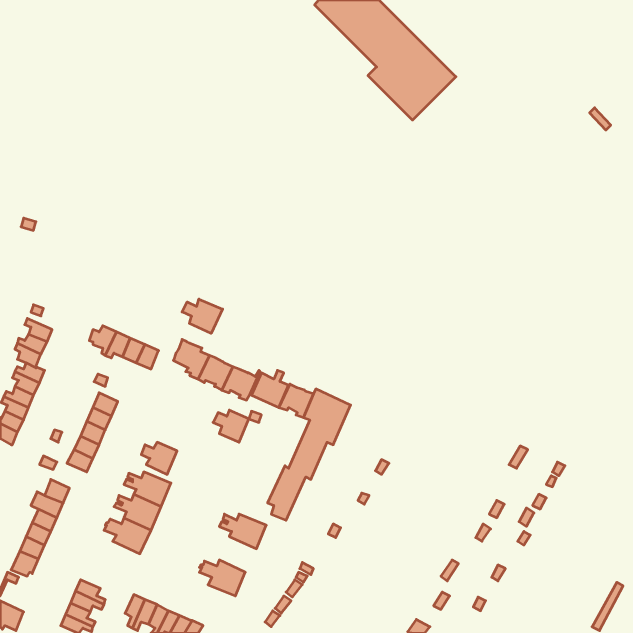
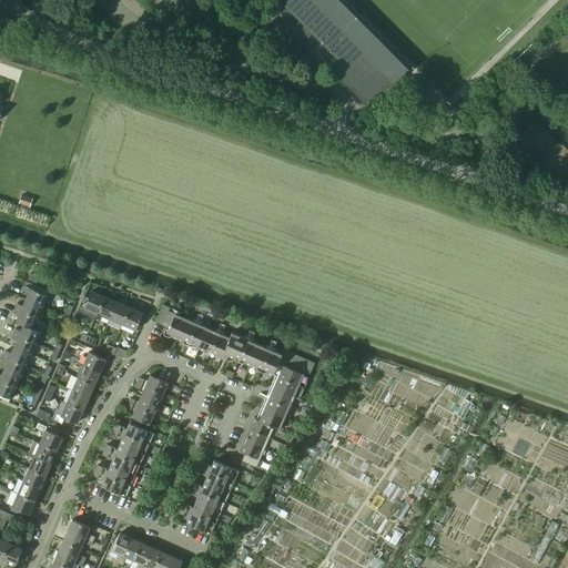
building: [182,299,223,333] -> none
building: [213,410,249,442] -> [135,375,168,404]
building: none -> [187,480,230,513]

